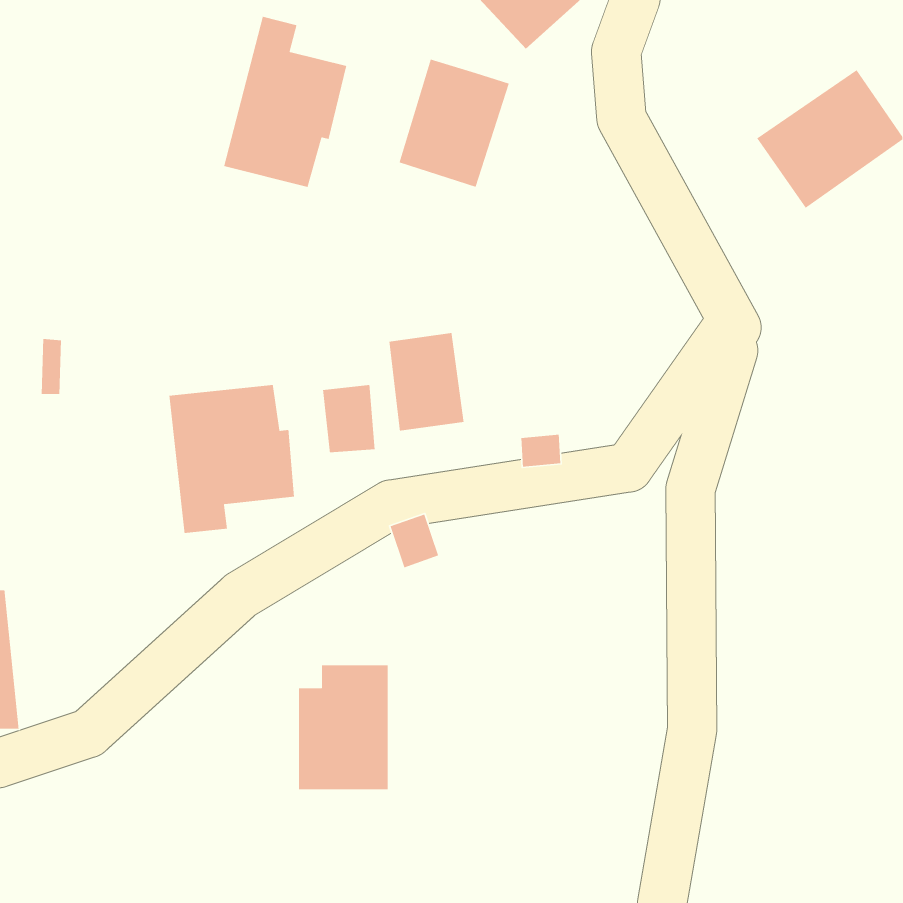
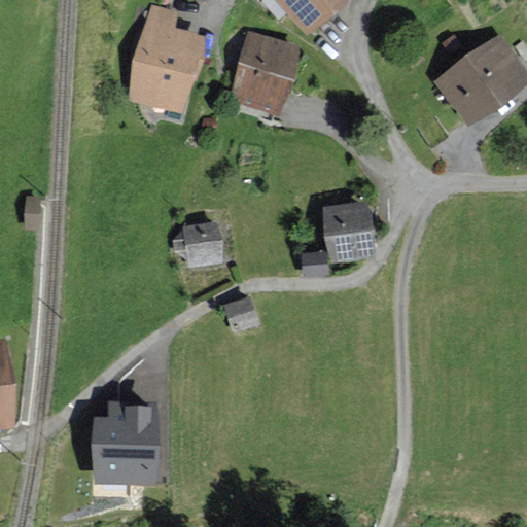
building: [388,332,465,431] -> [326,202,371,259]
building: [169,384,295,534] -> none
building: [298,664,388,790] -> [99,406,151,479]

